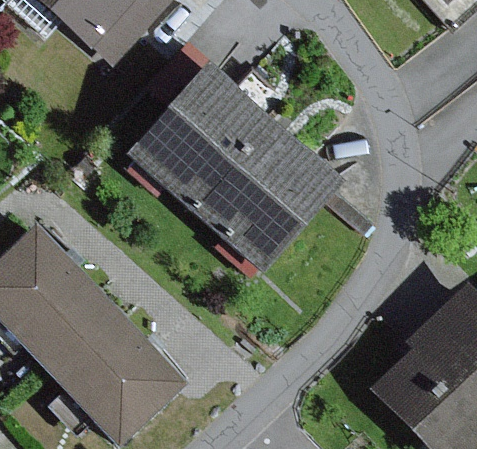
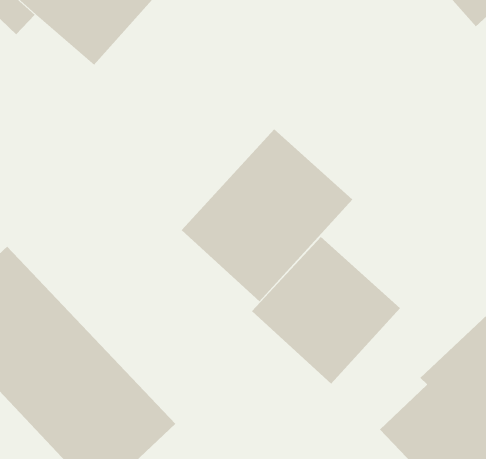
building: [127,61,287,209] -> none
building: none -> [251,236,401,385]

